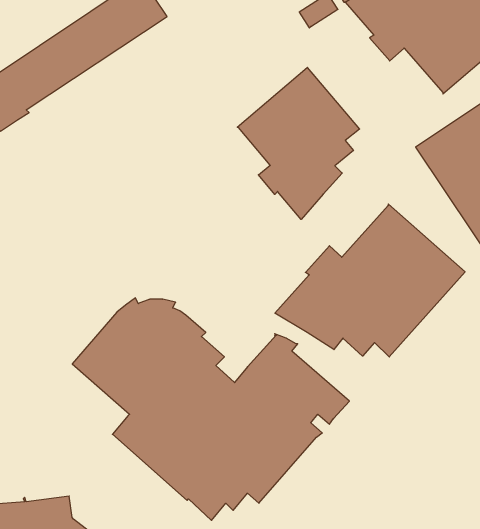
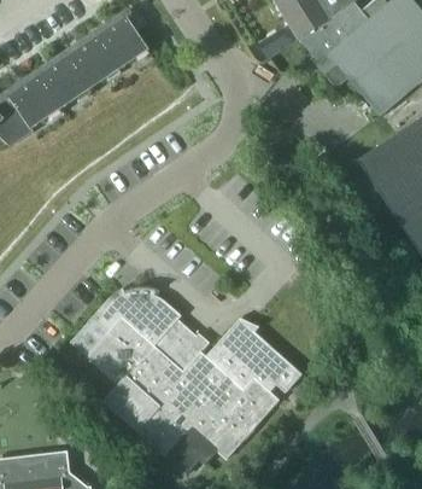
building: [237,67,360,219] -> none
building: [275,204,465,357] -> none

